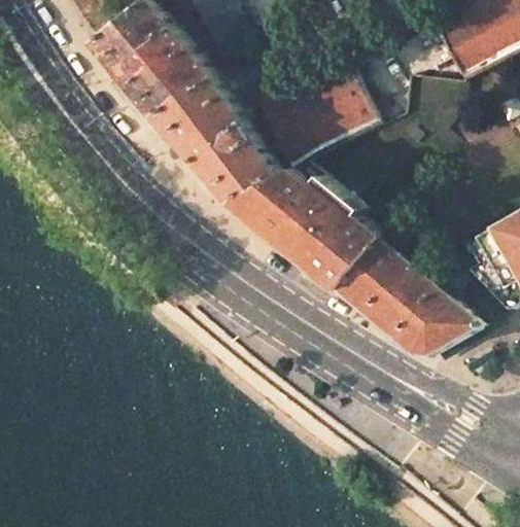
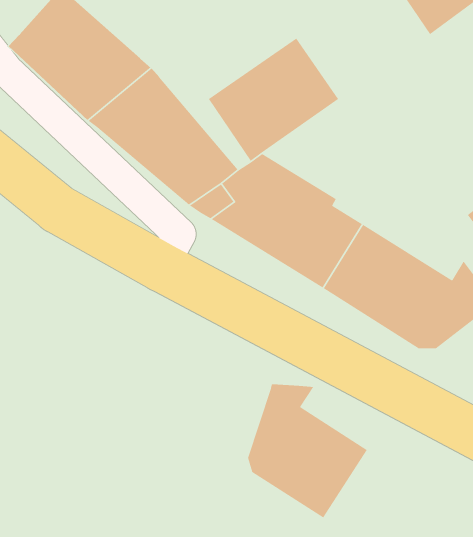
building: none -> [247,383,368,518]

